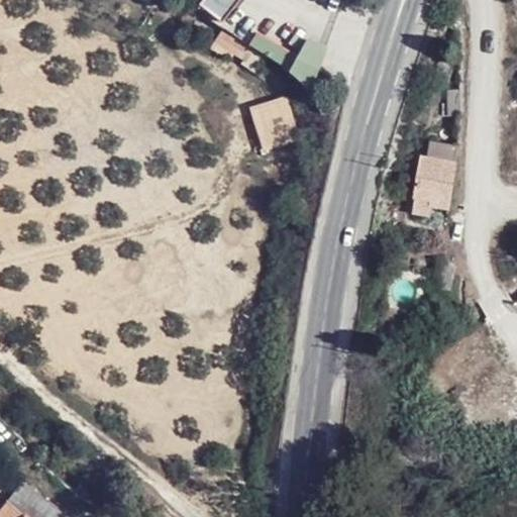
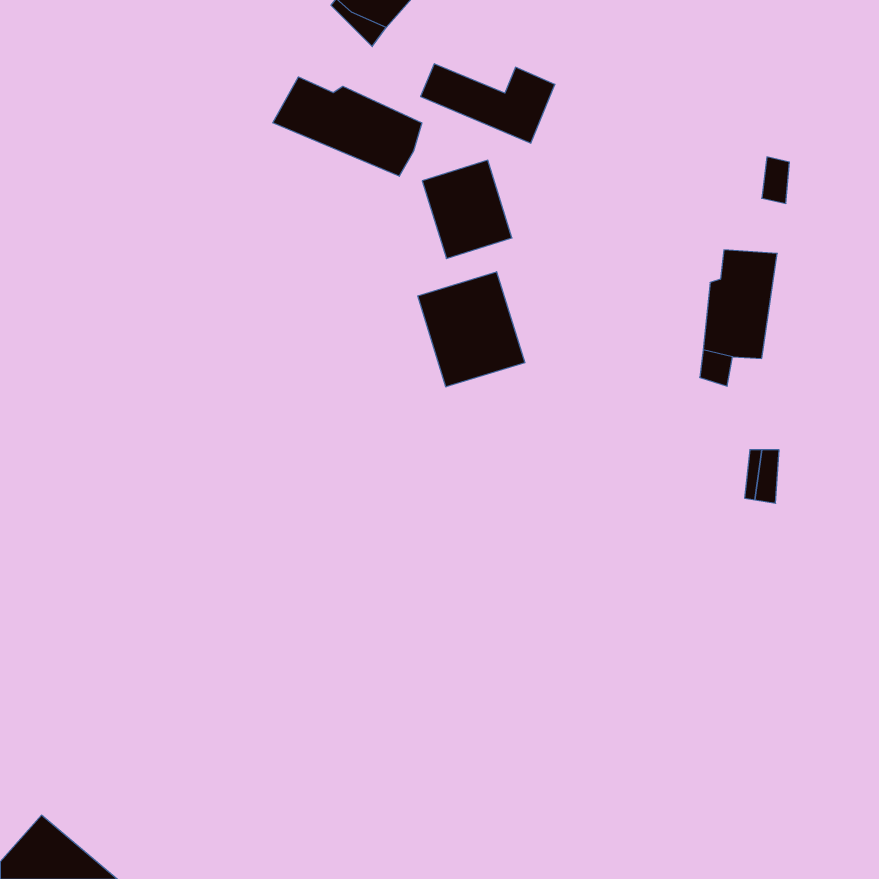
building: none -> [273,77,422,176]
building: none -> [418,272,525,387]

